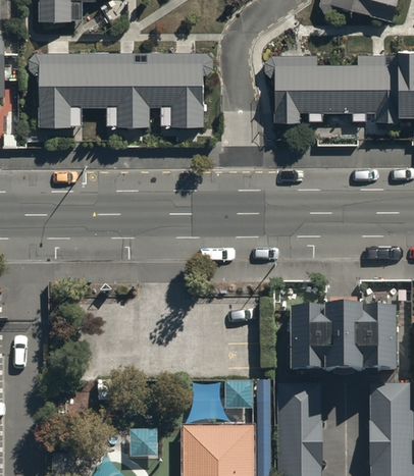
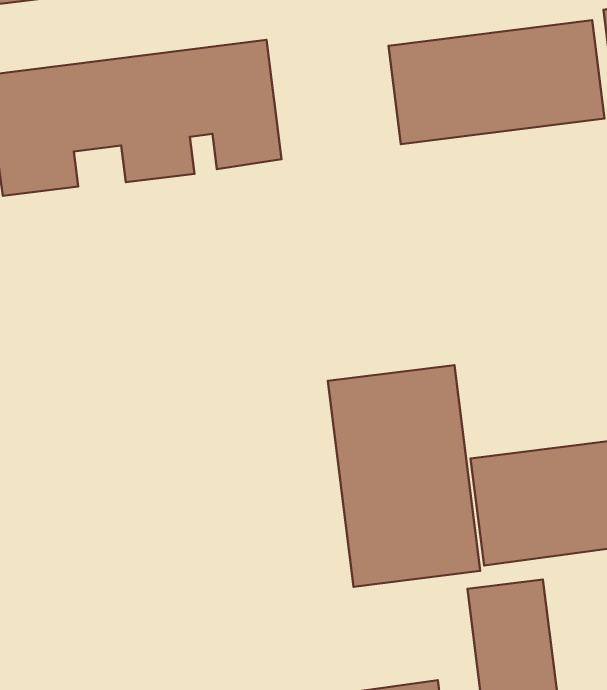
building: none -> [328,365,480,587]

